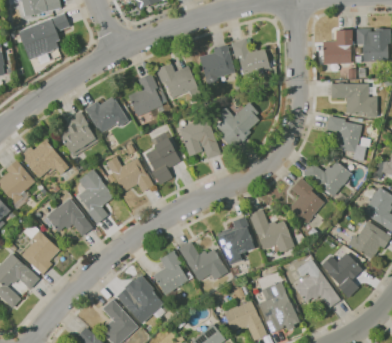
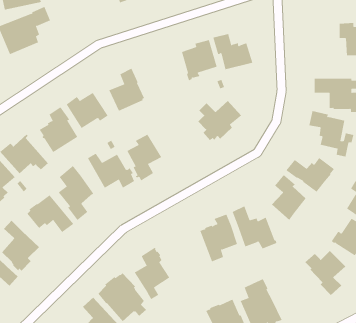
building: [323,30,354,64] -> none
building: [156,63,199,100] -> none
building: [179,118,222,159] -> none
building: [179,242,229,281] -> none
building: [294,259,341,308] -> none

